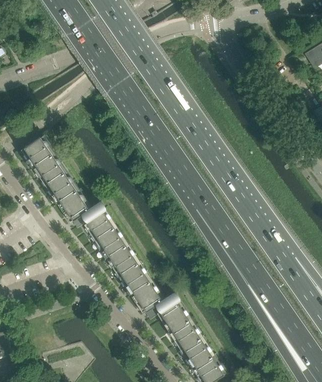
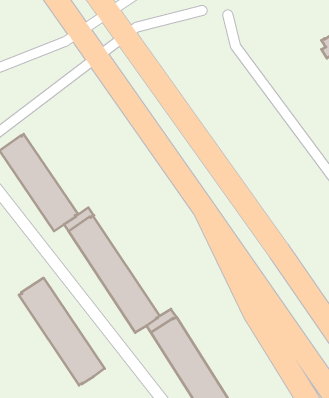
building: none -> [19,278,105,385]

